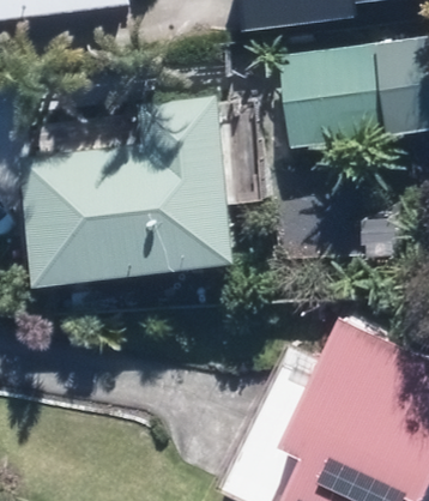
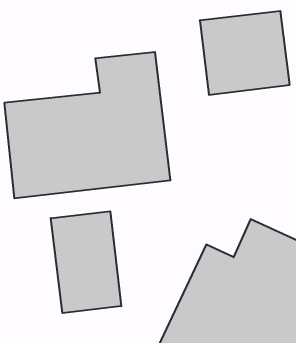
building: none -> [51,211,121,313]

